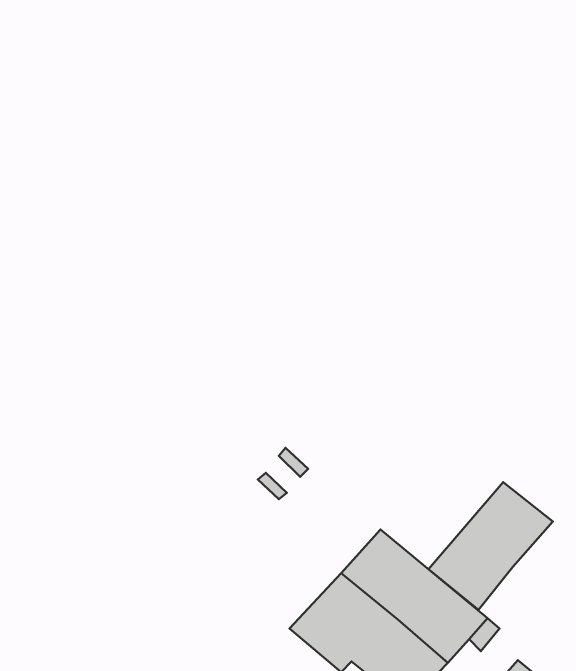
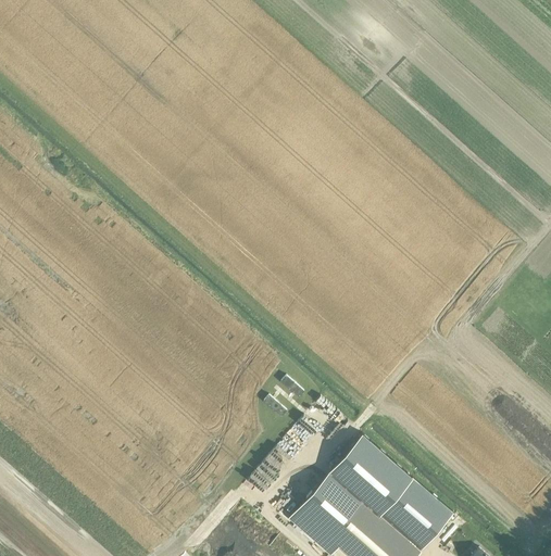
building: [429,482,553,610] -> none

